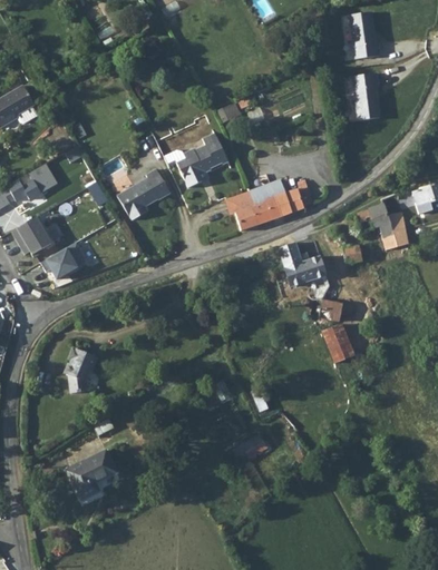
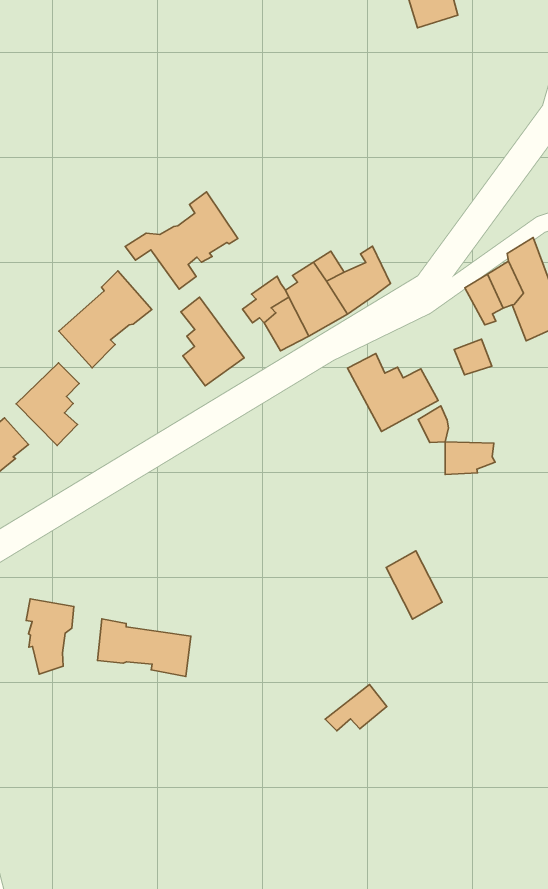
building: [352,71,379,119] -> none
building: none -> [181,297,244,386]
building: none -> [16,363,79,445]
building: [324,326,353,365] -> [386,551,442,619]
building: none -> [98,619,191,676]
building: [65,449,117,501] -> none

